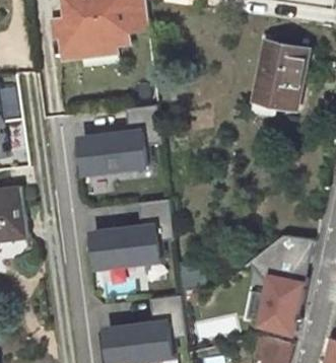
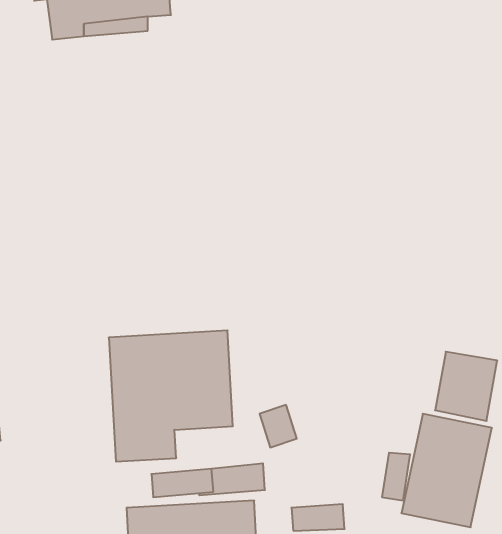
building: [254,46,307,116] -> none
building: [81,104,156,170] -> none

